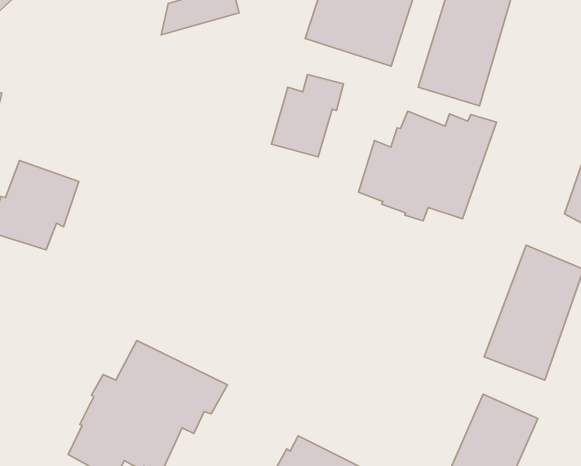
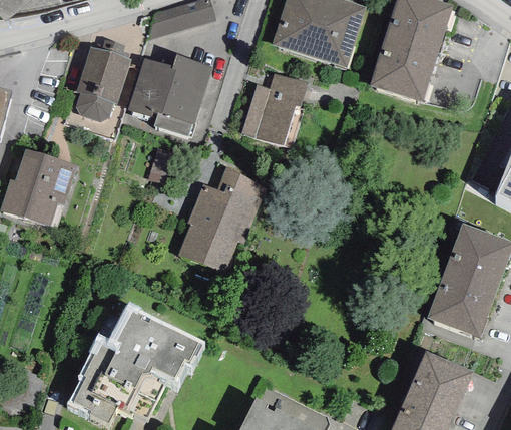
building: none -> [75,40,129,123]
building: none -> [126,55,213,138]
building: [359,111,497,221] -> none
building: none -> [177,165,268,275]

